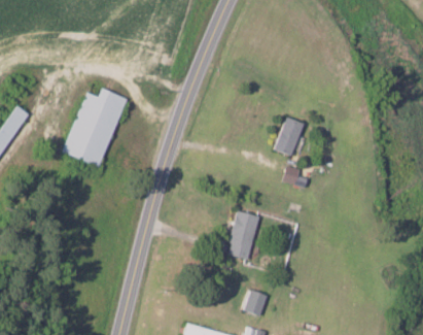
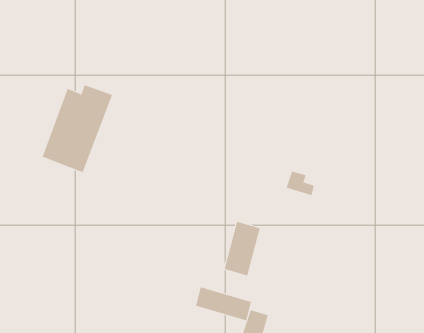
building: [276,118,302,155] -> none
building: none -> [195,286,252,321]

